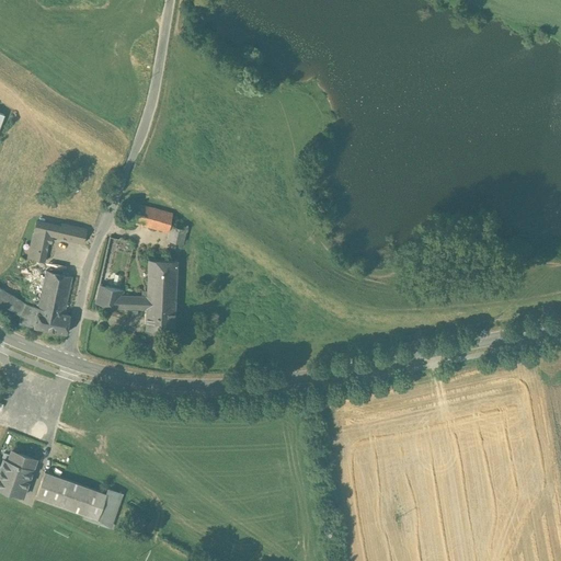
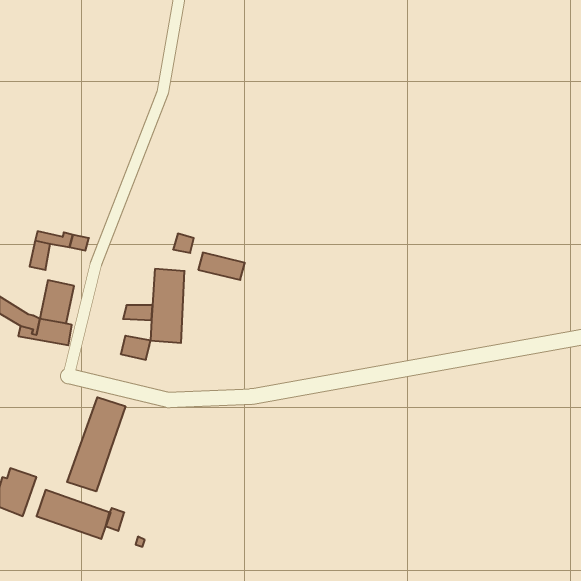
building: [127,205,172,231] -> [198,253,245,280]
building: [94,285,123,308] -> [121,336,150,360]
building: none -> [67,397,125,491]

